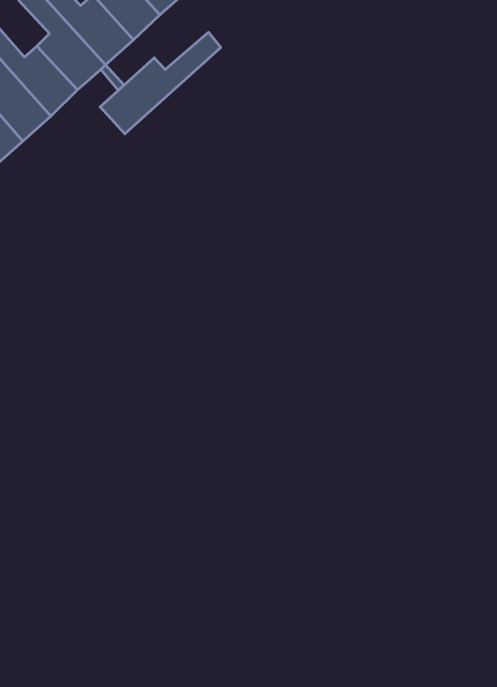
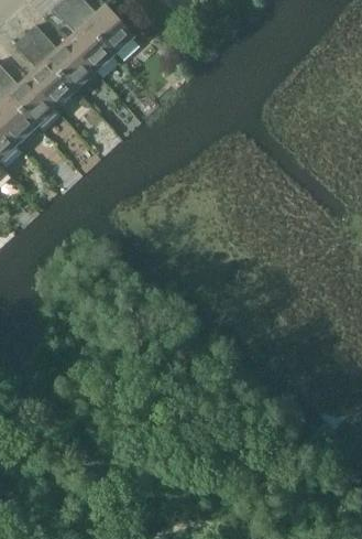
building: [100,32,221,134] -> none

